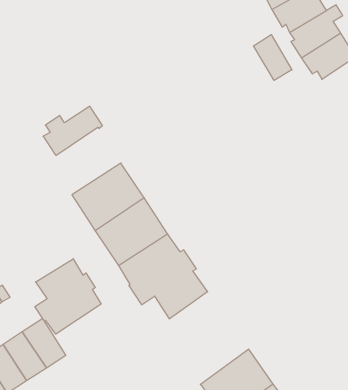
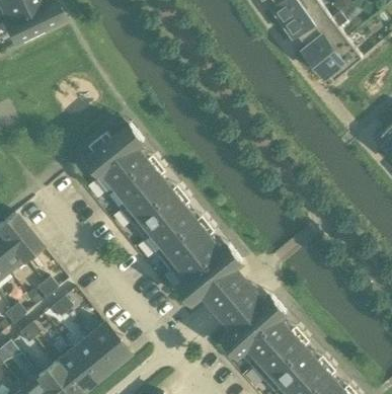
building: [253,35,292,80] -> none
building: none -> [94,145,161,209]
building: [35,259,101,334] -> none
building: none -> [219,284,294,369]

